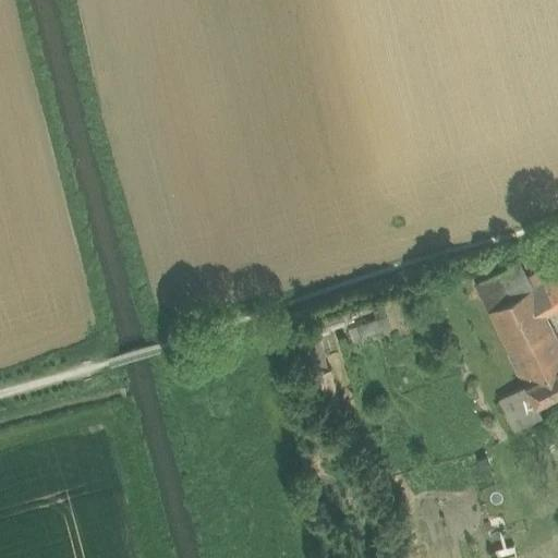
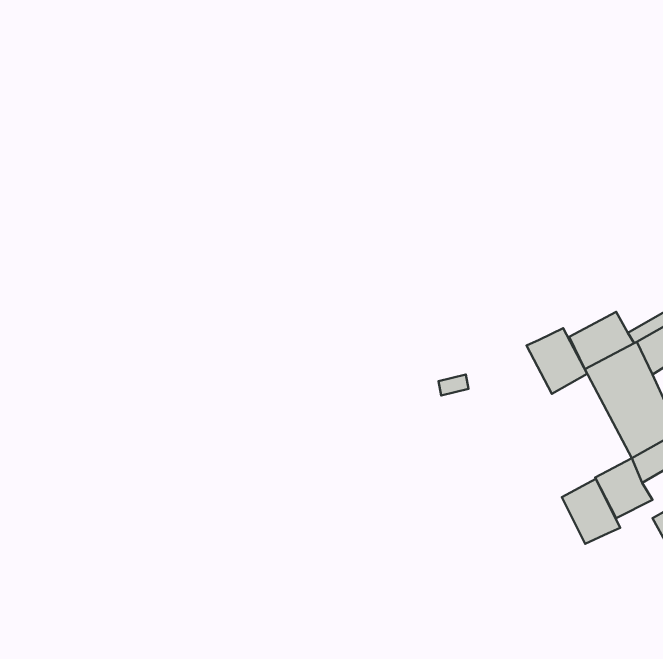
building: none -> [526,328,587,394]
building: none -> [562,479,620,544]

